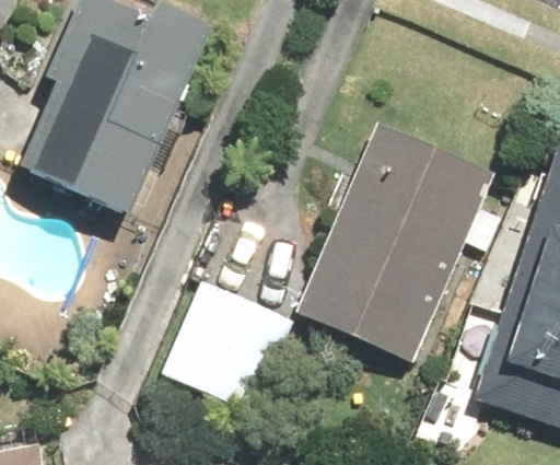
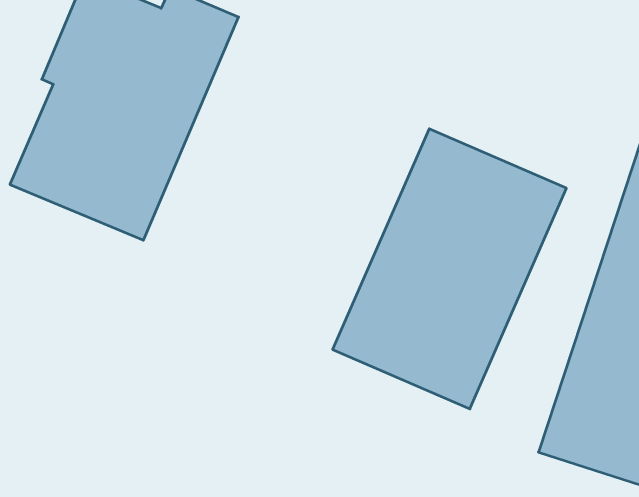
building: [156,276,295,418] -> none

